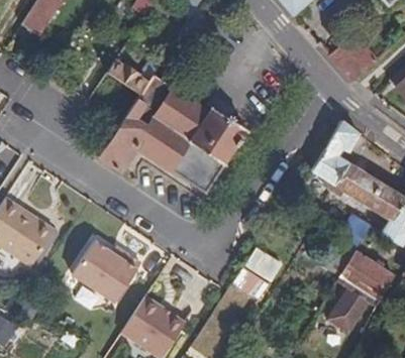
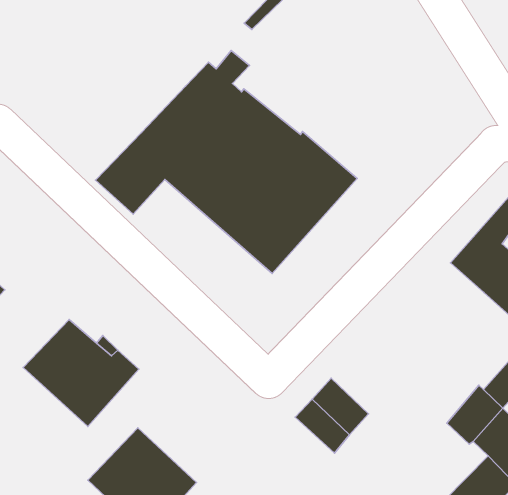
building: [106,57,161,95] -> none

